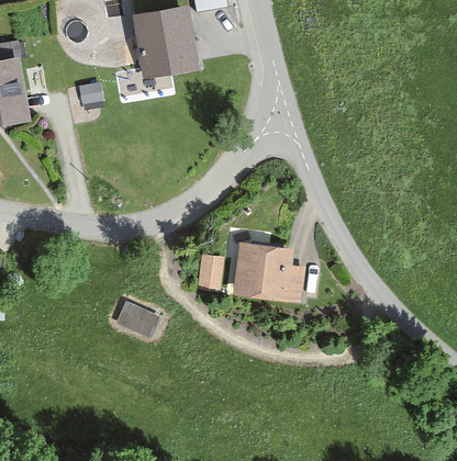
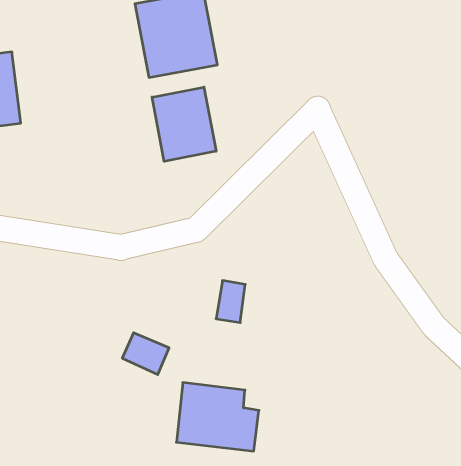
building: none -> [152,87,216,161]
building: [233,243,304,302] -> [176,383,259,451]

